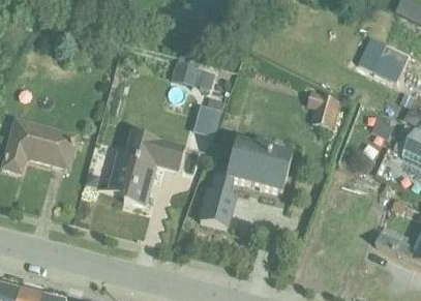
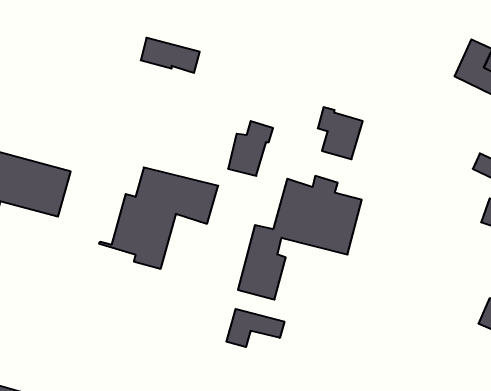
building: [170,62,213,88] -> [141,38,200,73]
building: [307,91,340,129] -> [318,107,363,159]
building: none -> [226,309,284,347]

